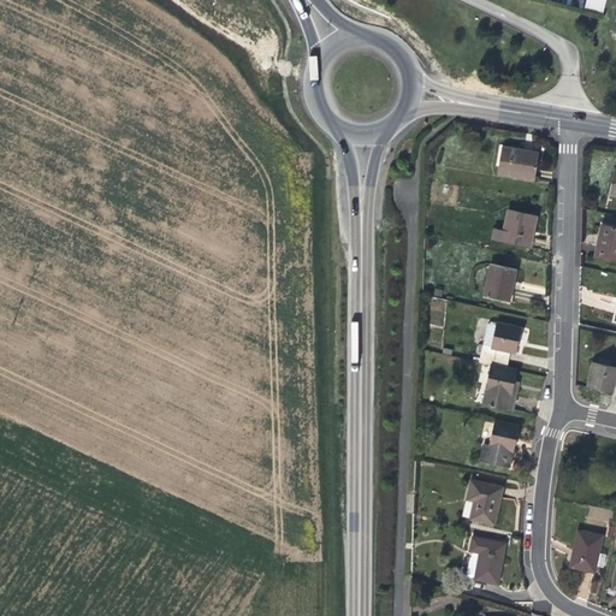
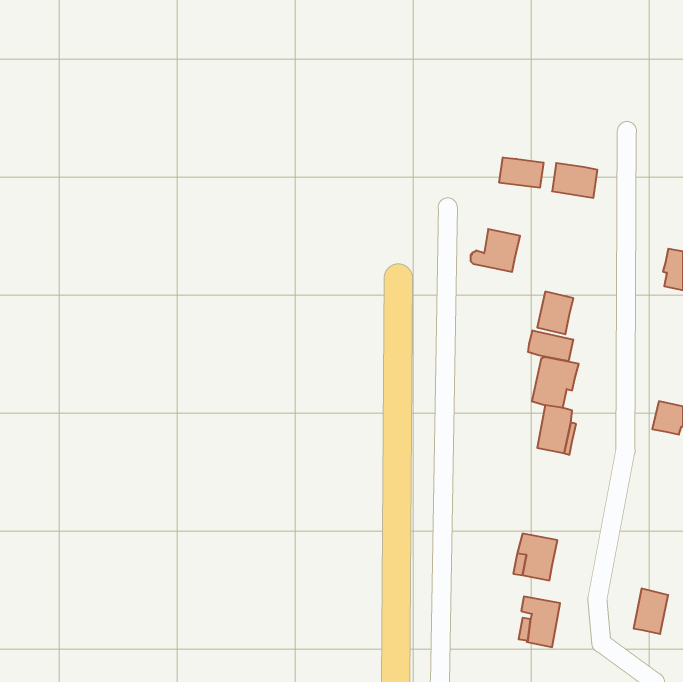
building: none -> [499,157,544,188]
building: [492,208,537,247] -> [471,229,520,272]
building: none -> [528,330,573,361]
building: [480,420,519,468] -> none

